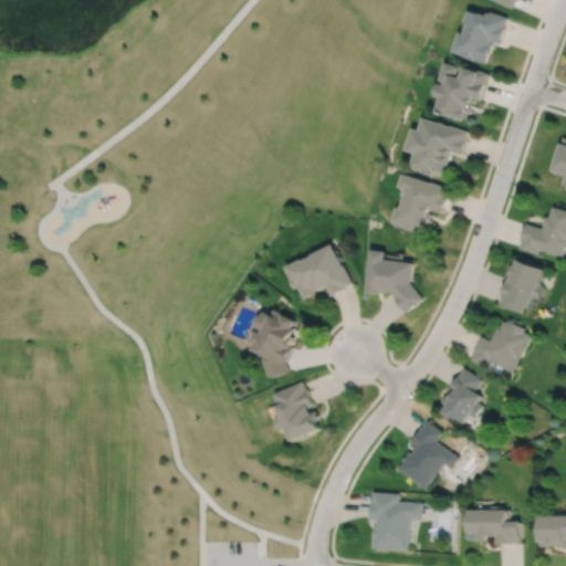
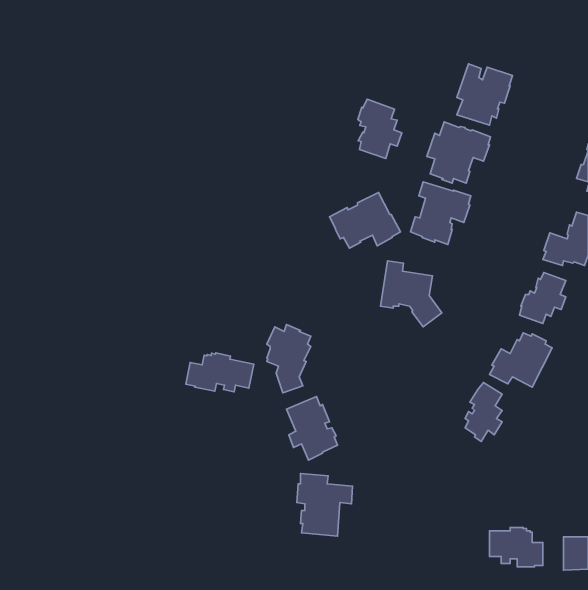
building: [452,10,507,63] -> none
building: none -> [358,99,402,159]
building: [284,247,352,300] -> [330,192,400,248]
building: none -> [186,353,254,392]
building: [398,420,458,488] -> none
building: [368,491,421,551] -> [297,474,353,536]

